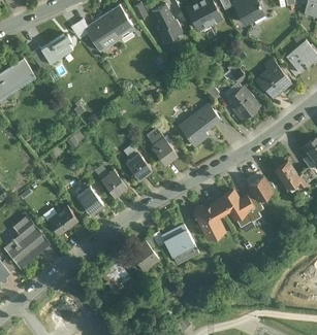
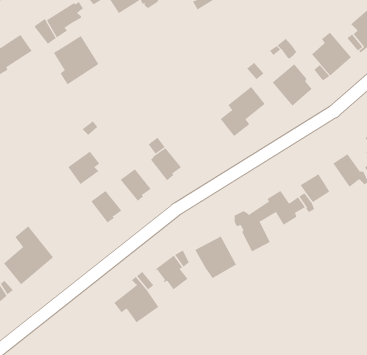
building: none -> [53,35,99,85]
building: [149,129,178,166] -> none
building: [49,207,75,235] -> [67,151,100,185]

